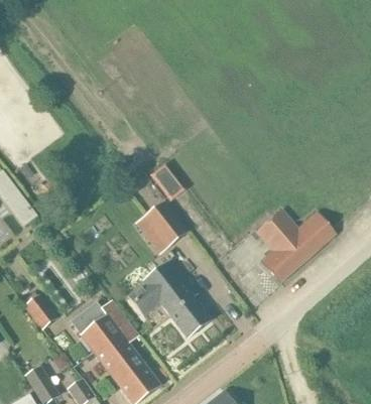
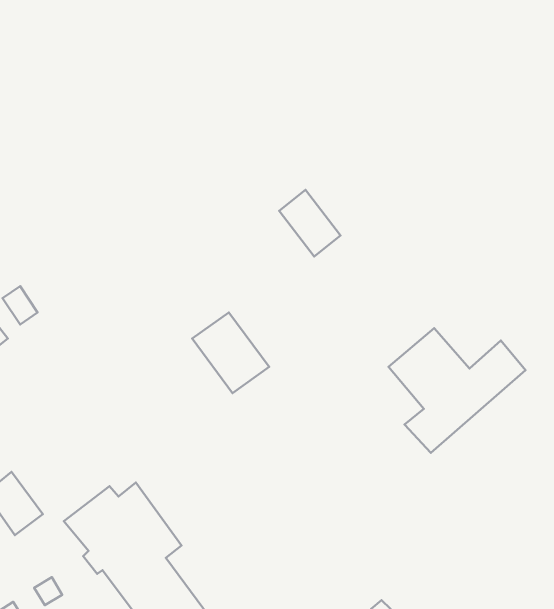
building: [149,162,184,200] -> [279,190,340,256]
building: [129,261,211,339] -> none

